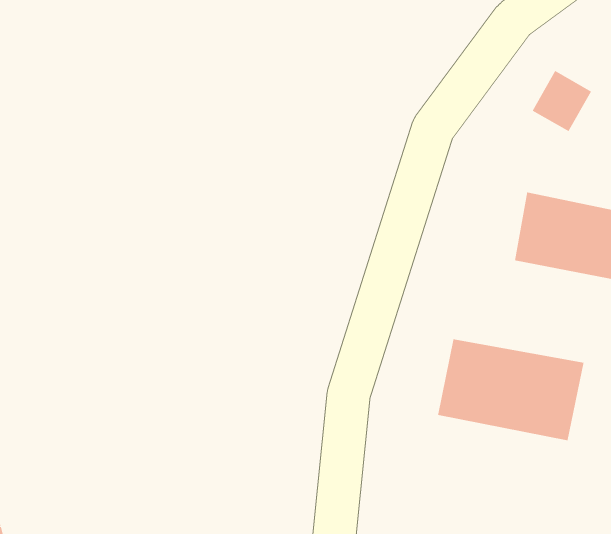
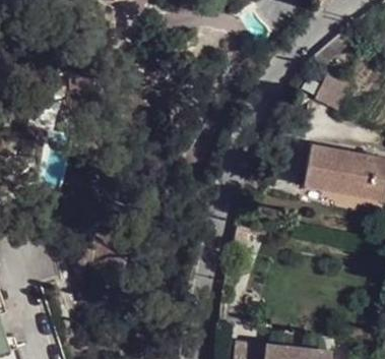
building: [438,339,584,441] -> none

